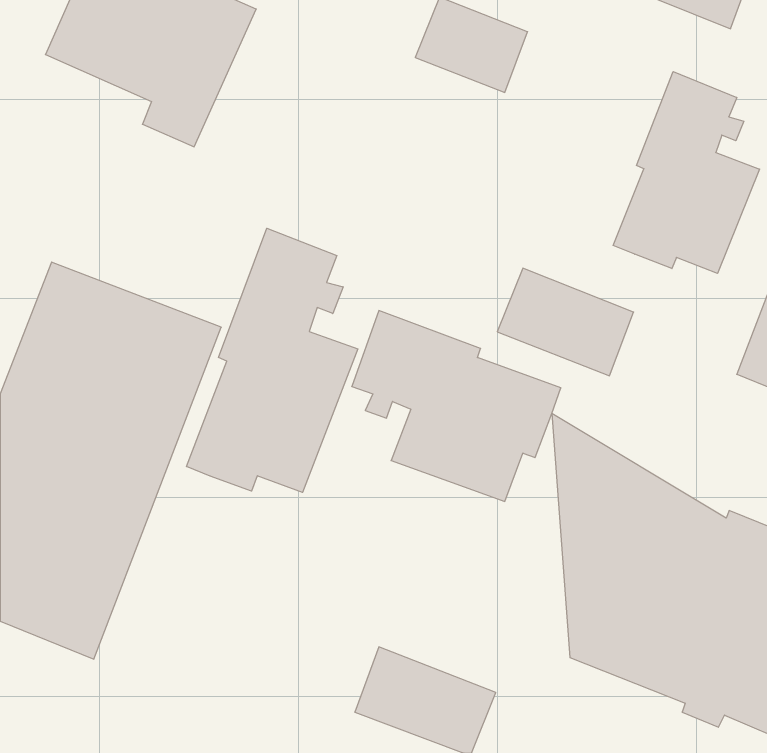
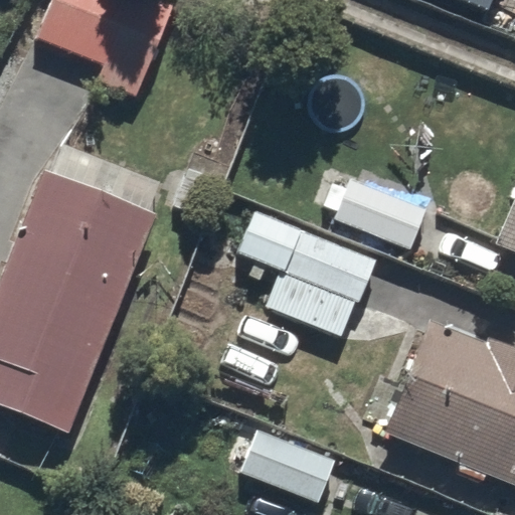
building: [613,72,760,273] -> none
building: [187,228,358,492] -> none

